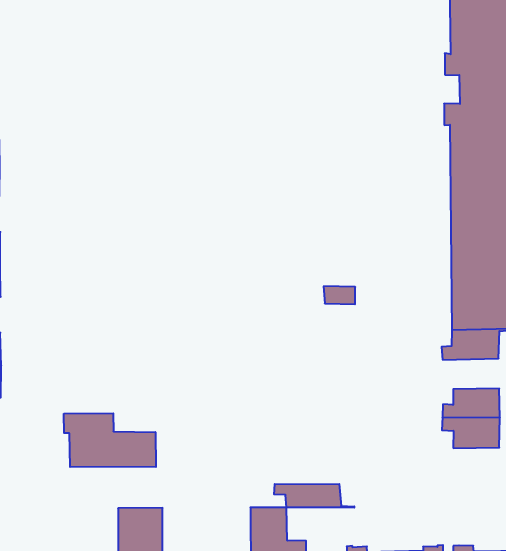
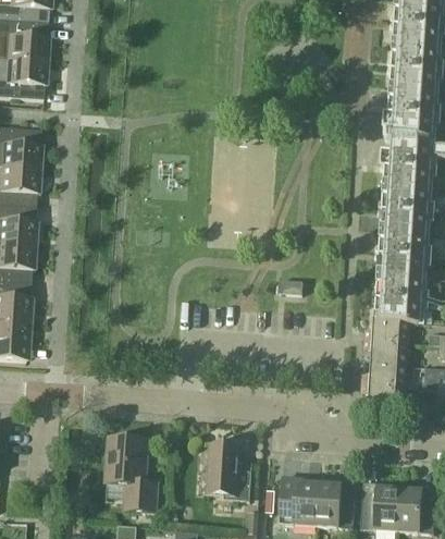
building: none -> [364,340,408,365]
building: [64,413,156,467] -> none
building: [274,484,354,508] -> none

